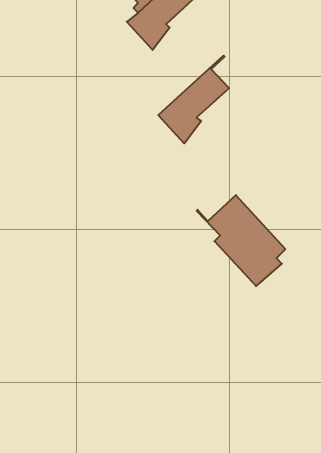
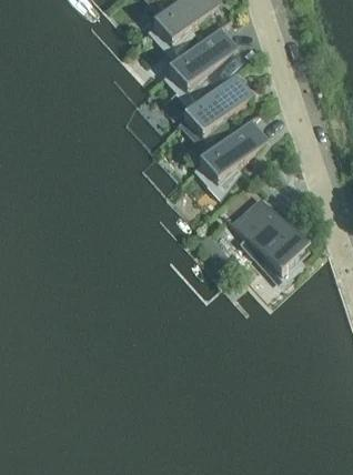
building: none -> [165,12,235,100]
building: none -> [196,104,265,192]

